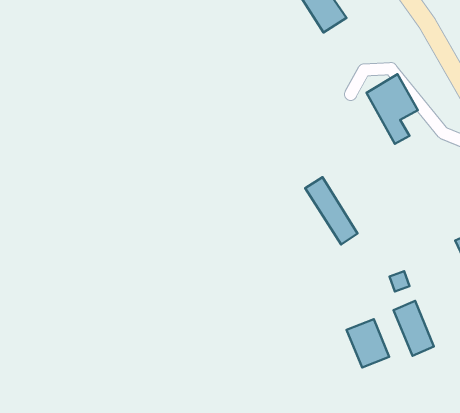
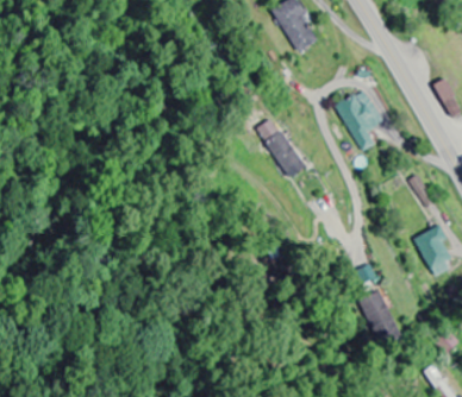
building: [305,177,357,244] -> [257,118,304,177]
building: [347,319,389,367] -> none

